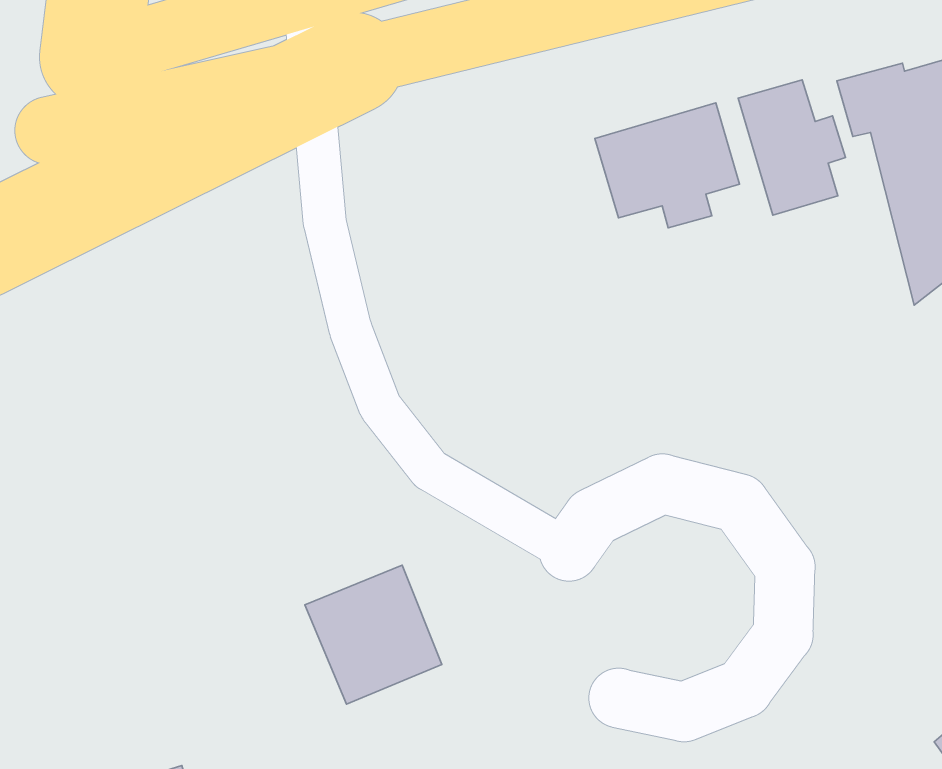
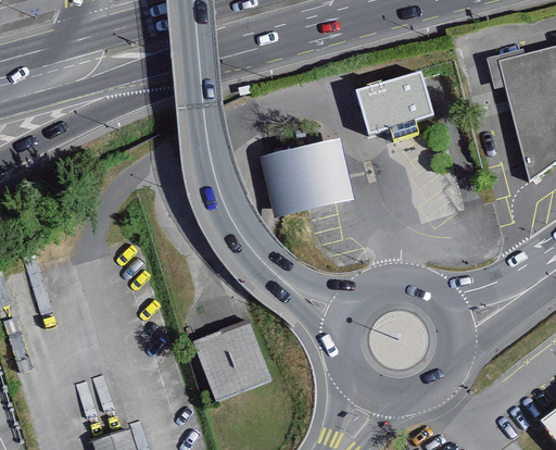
building: [738,80,846,215] -> none
building: none -> [260,137,354,216]

